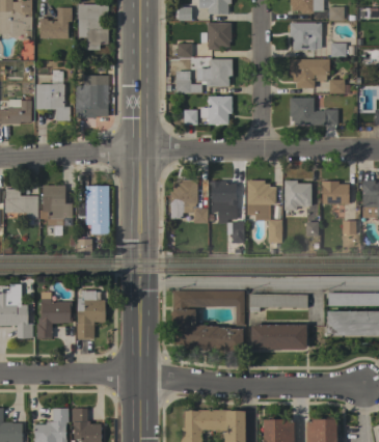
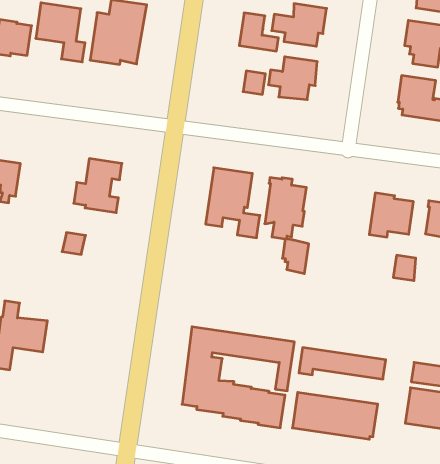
building: [247,179,282,243] -> none
building: [39,185,73,224] -> none
building: [77,291,106,338] -> none

